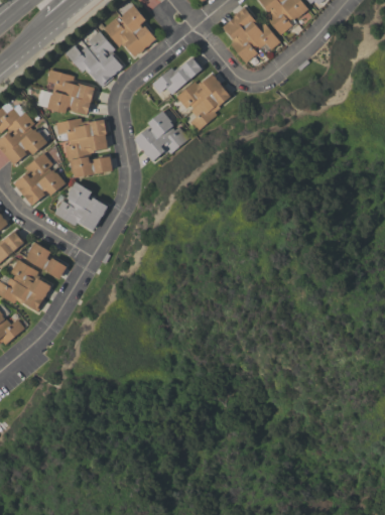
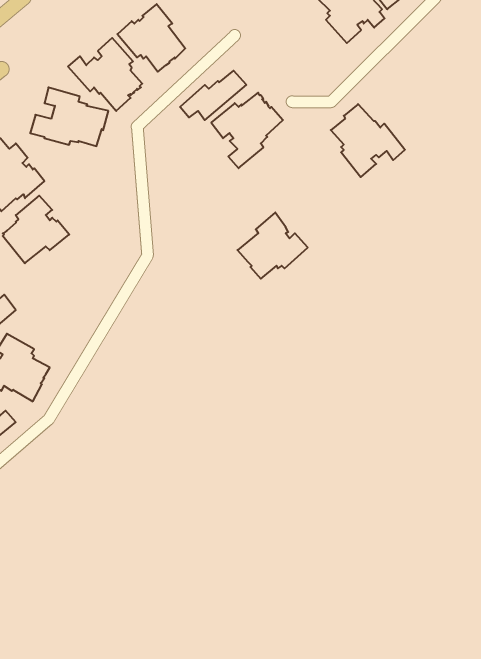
building: [222,6,279,62] -> [331,104,405,177]
building: [133,110,187,161] -> [237,212,308,279]
building: [55,117,112,177] -> none
building: [53,181,107,230] -> none
building: [25,241,66,278] -> none

